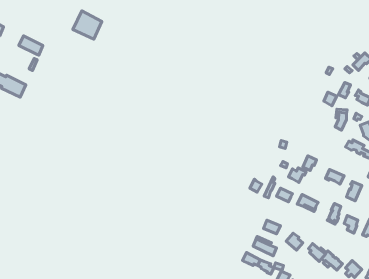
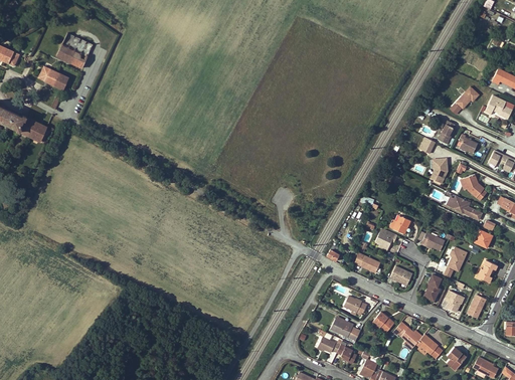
building: [73,11,102,39] -> [56,32,93,67]

